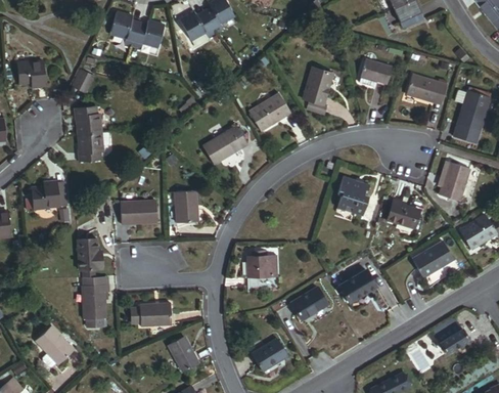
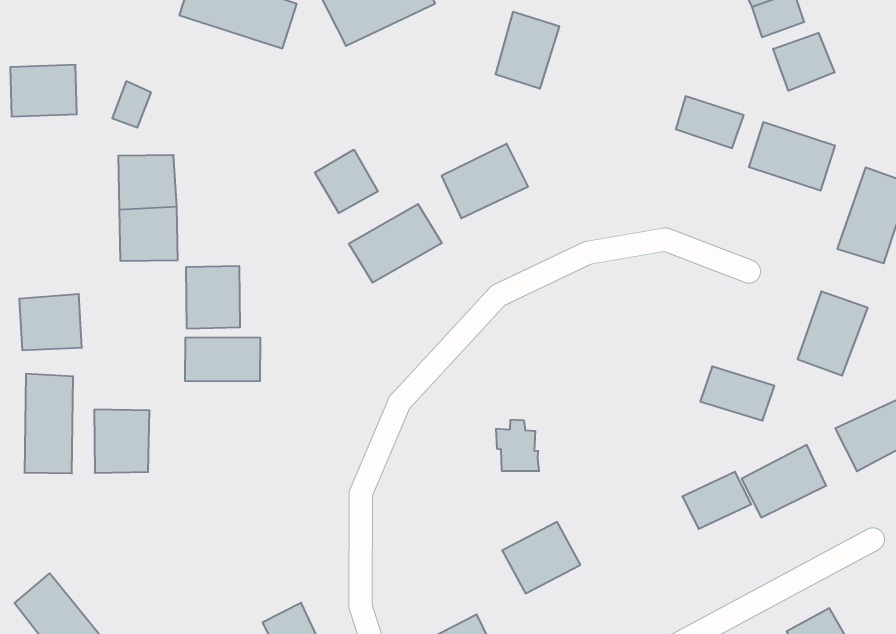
building: none -> [773,33,835,91]
building: [302,66,333,104] -> [495,12,559,89]
building: none -> [315,150,378,213]
building: [337,174,369,213] -> none
building: [171,189,200,223] -> [186,266,240,328]
building: [245,252,269,278] -> [496,420,539,471]
building: [338,271,374,302] -> [682,472,751,529]
building: [83,277,109,329] -> [24,374,73,473]
building: [130,301,172,326] -> none

